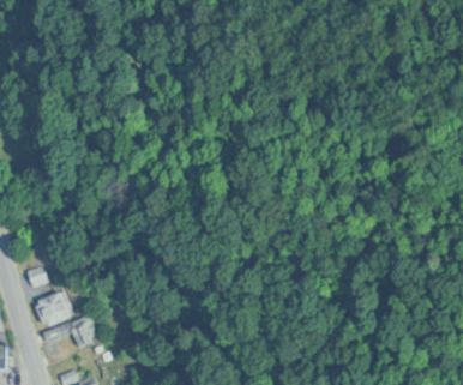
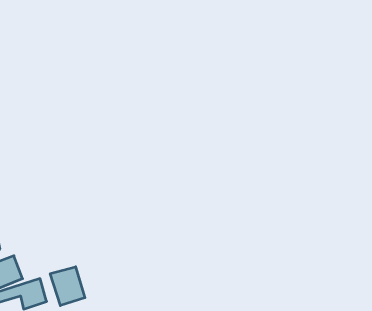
building: none -> [50,267,85,306]

